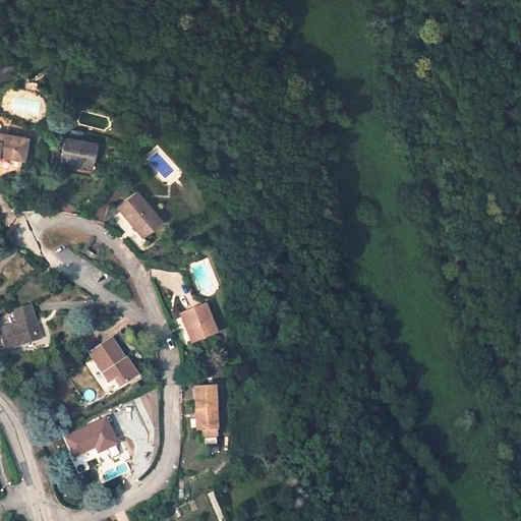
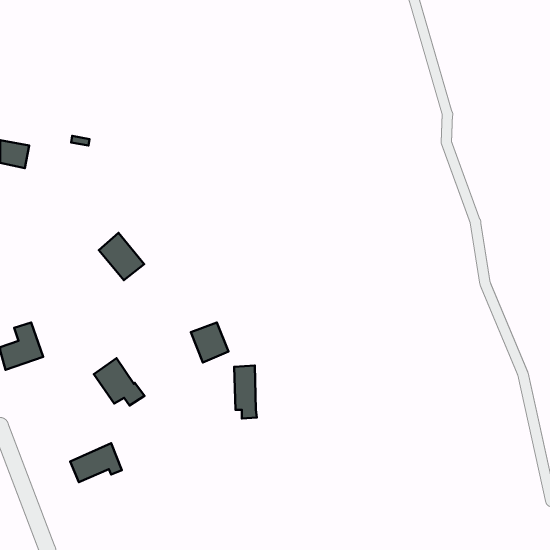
building: [61,137,96,164] -> none
building: [118,190,161,235] -> [99,233,144,280]
building: [195,387,217,437] -> [234,366,257,418]

